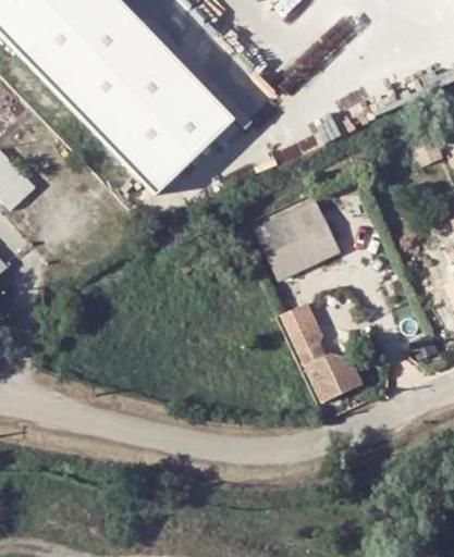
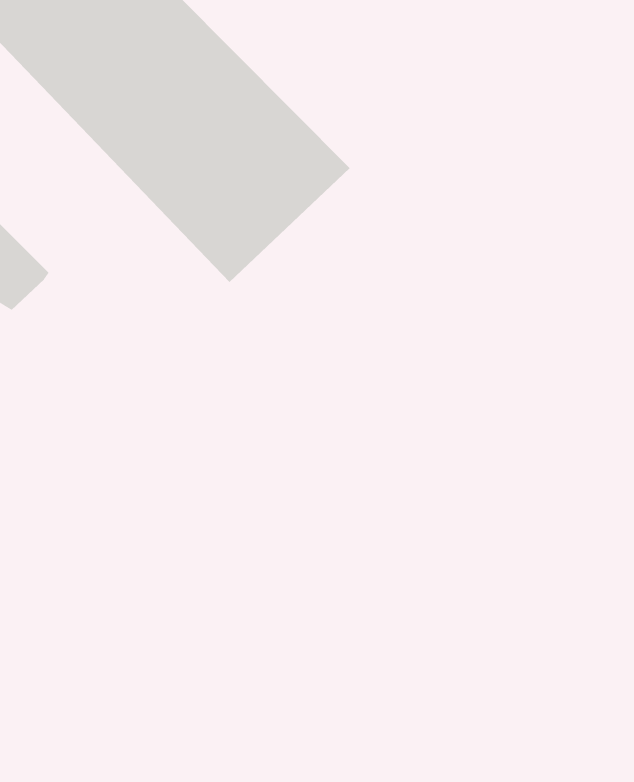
building: [250,196,338,280] -> none
building: [277,302,355,401] -> none

